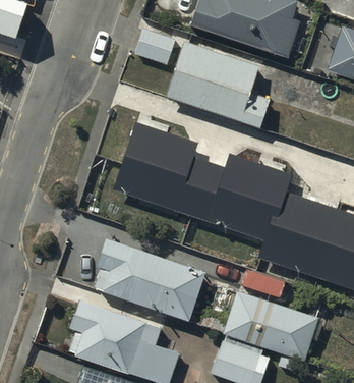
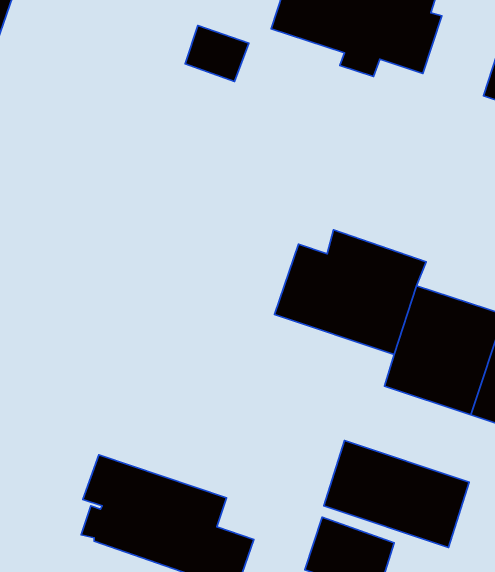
building: [171,43,269,124] -> none
building: [117,126,209,211] -> none
building: [95,239,208,323] -> none

